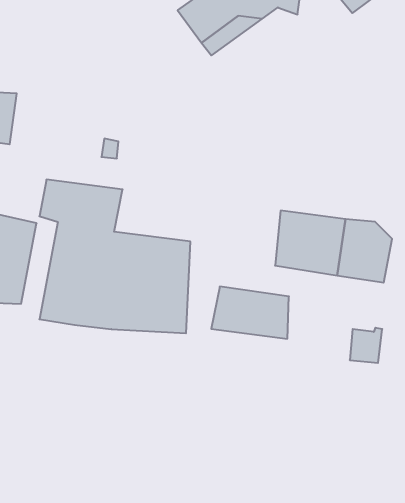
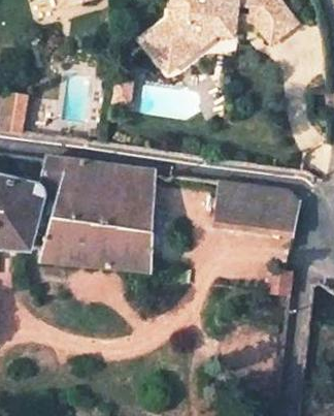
building: [211,287,289,339] -> [96,166,153,204]

